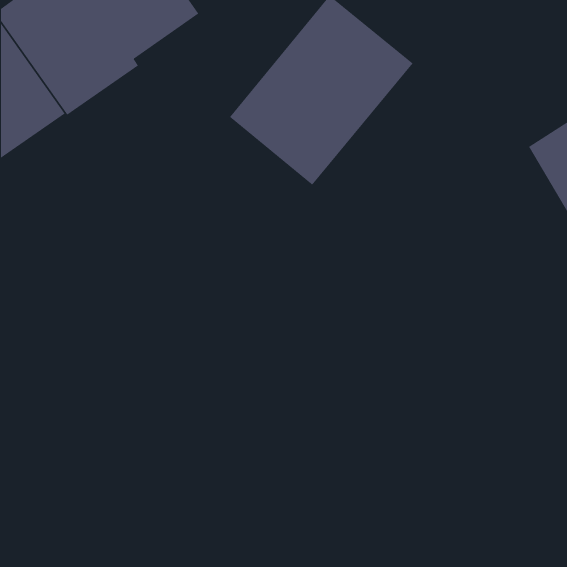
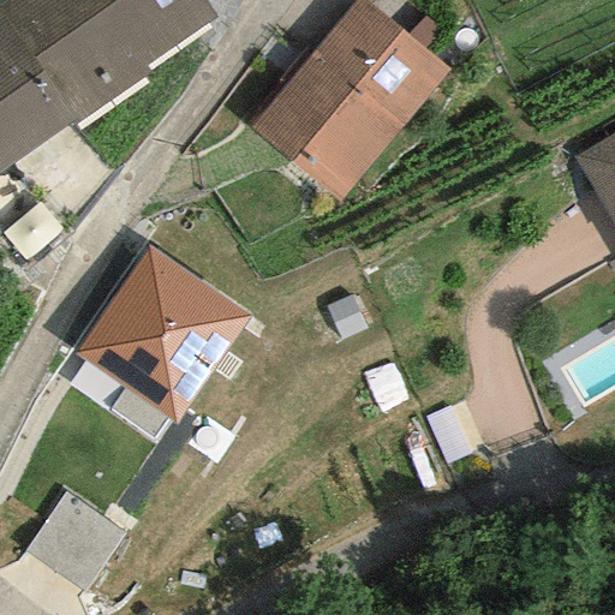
building: none -> [73,246,249,422]
building: none -> [26,497,124,593]

